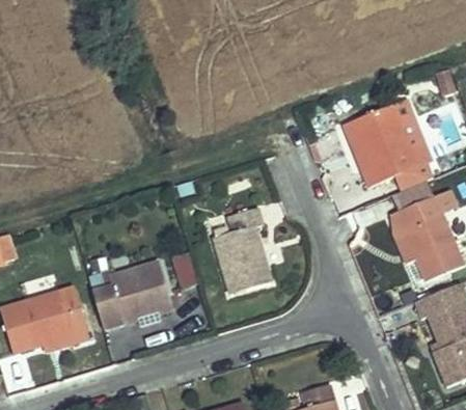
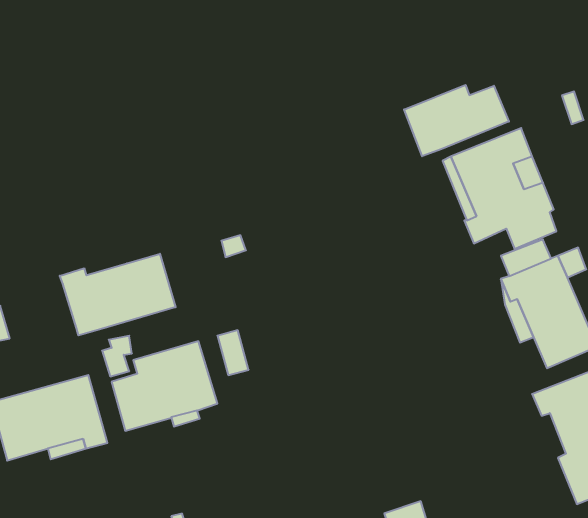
building: none -> [404,85,509,156]
building: none -> [60,254,176,335]
building: [214,209,271,295] -> none

